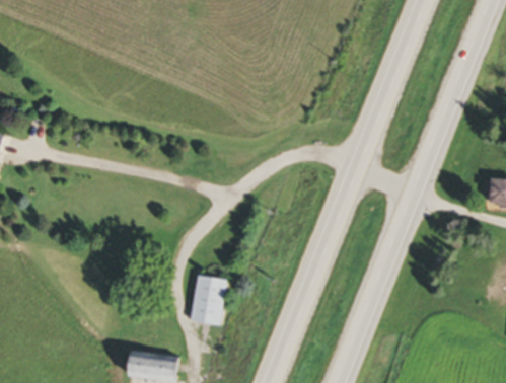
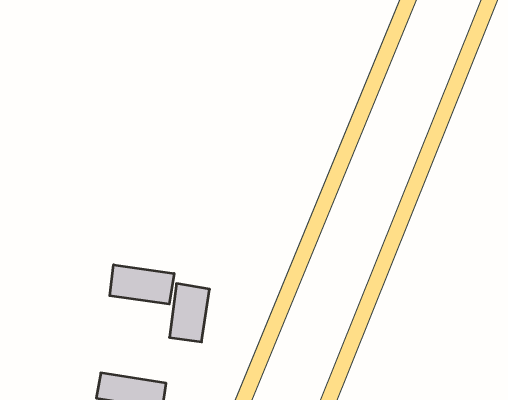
building: none -> [110,265,174,304]

